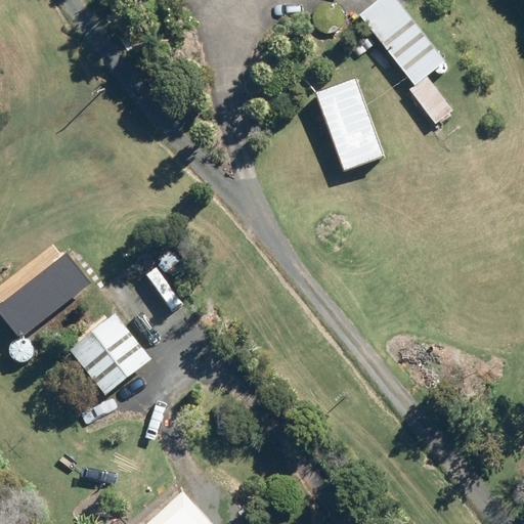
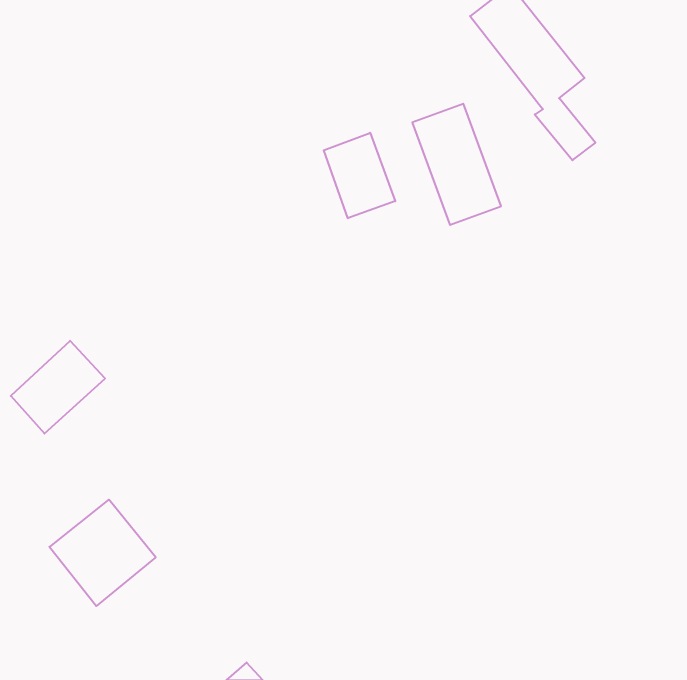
building: none -> [324,133,395,218]
building: [69,312,149,393] -> [49,500,156,606]

